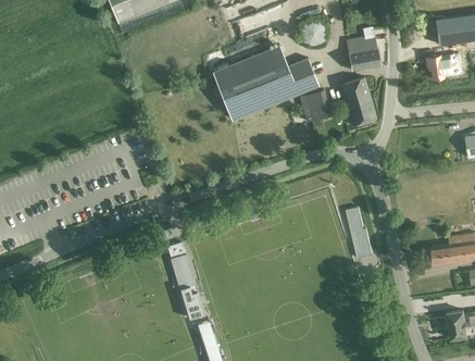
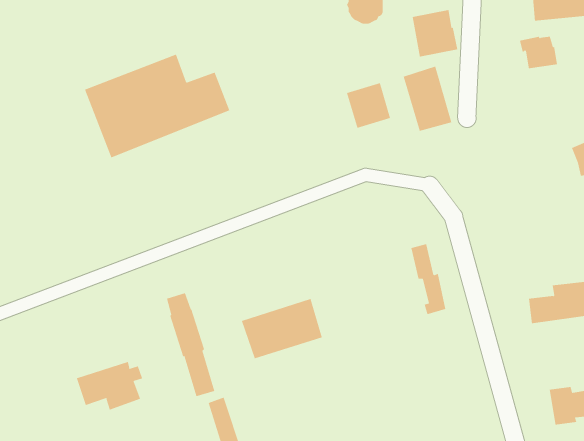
building: [212,45,318,121] -> [84,54,230,158]
building: none -> [241,298,322,359]
building: none -> [76,361,143,410]

